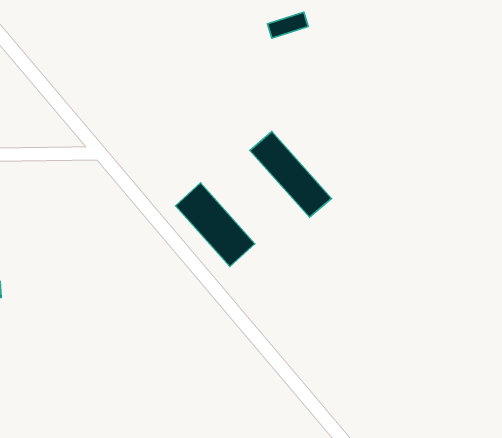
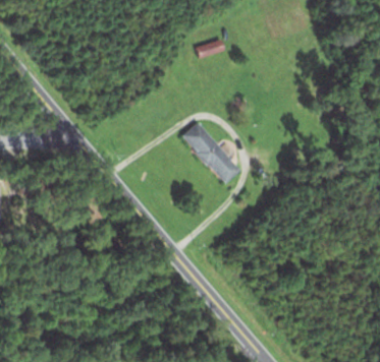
building: [176,183,255,267] -> none

